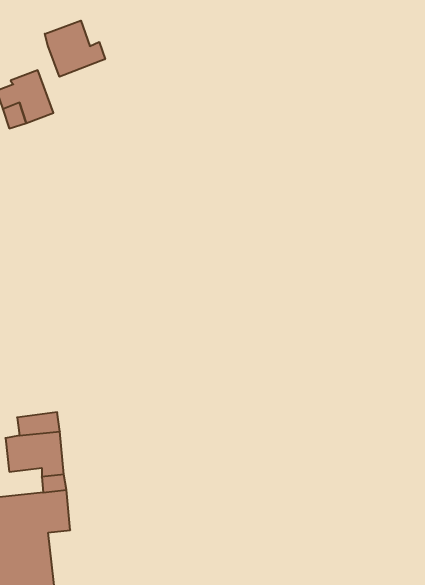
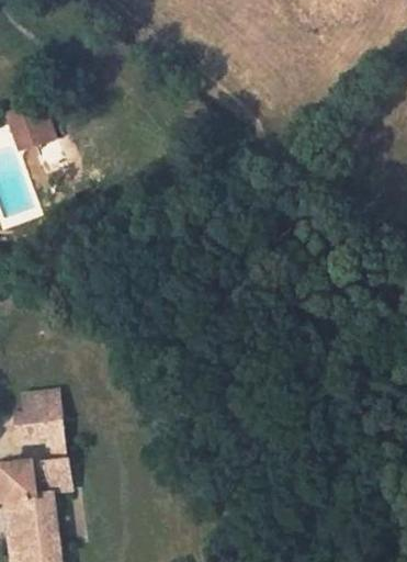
building: [45,21,105,77] -> none

